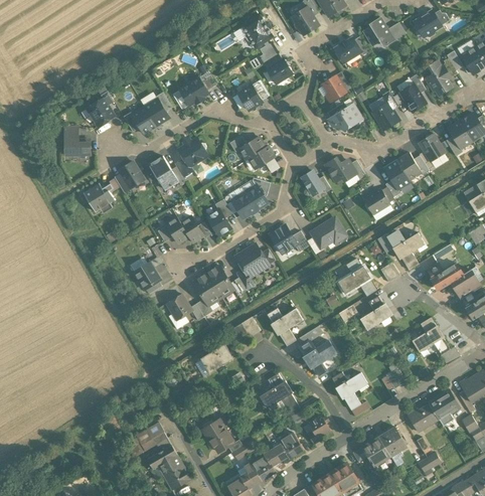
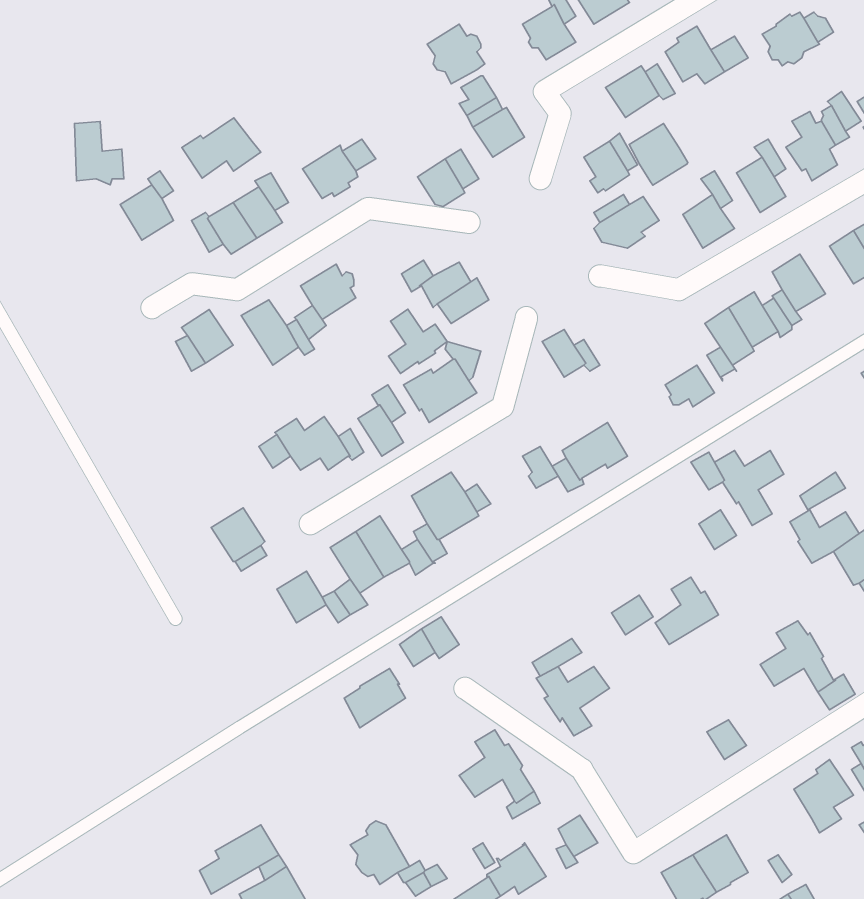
building: none -> [182,118,261,178]
building: none -> [629,124,688,185]
building: [64,125,90,157] -> [74,121,124,185]
building: [325,157,356,181] -> none
building: none -> [389,309,447,374]
building: [83,182,115,212] -> none
building: [269,224,296,254] -> none
building: [336,260,374,298] -> none
building: [266,310,301,347] -> none
building: [331,373,366,410] -> none
building: [407,404,438,432] -> none

